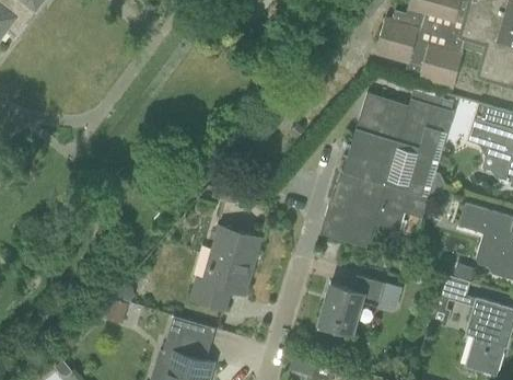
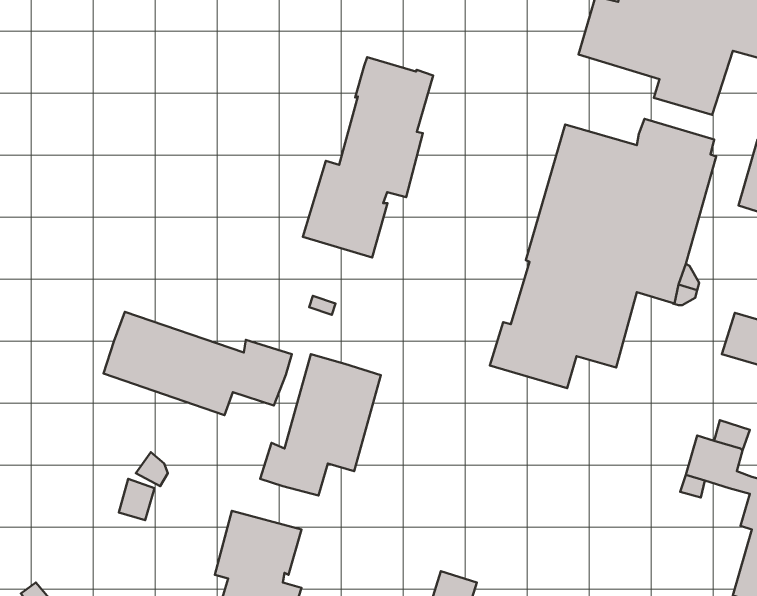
building: none -> [303,57,433,258]
building: none -> [104,312,292,415]
building: [318,276,384,334] -> none

